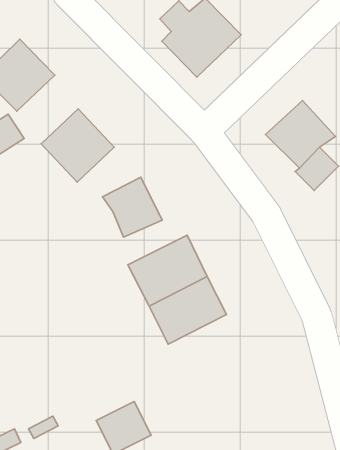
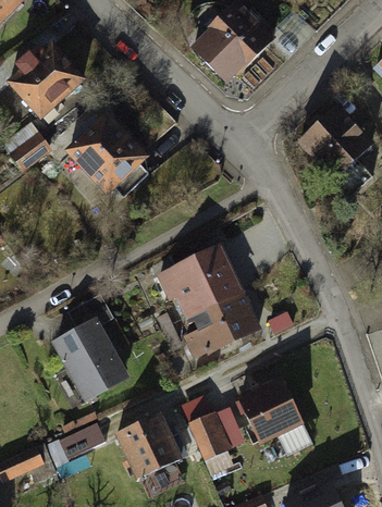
building: [102,177,162,237] -> none
building: none -> [59,323,125,395]
building: none -> [239,380,305,444]
building: none -> [197,411,243,454]

